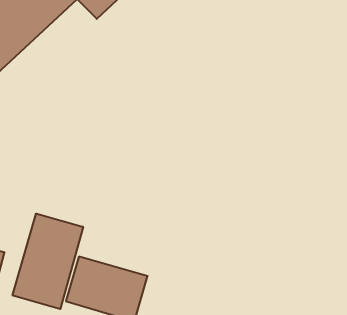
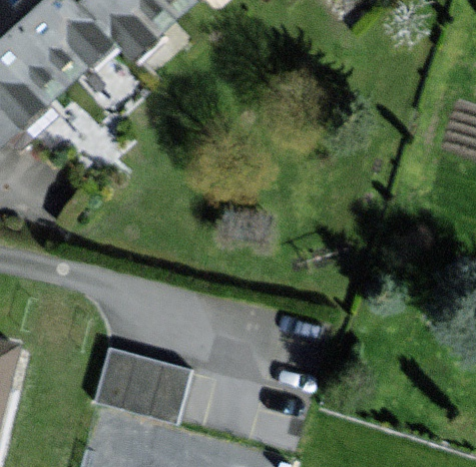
building: [13,214,83,309] -> none

